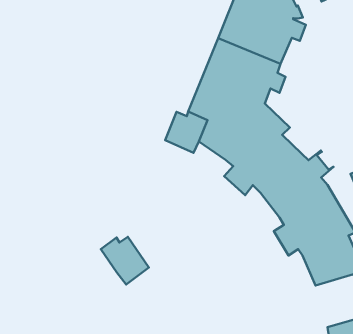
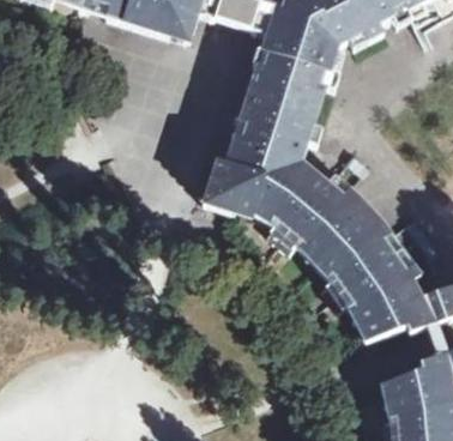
building: [101,237,149,285] -> none

